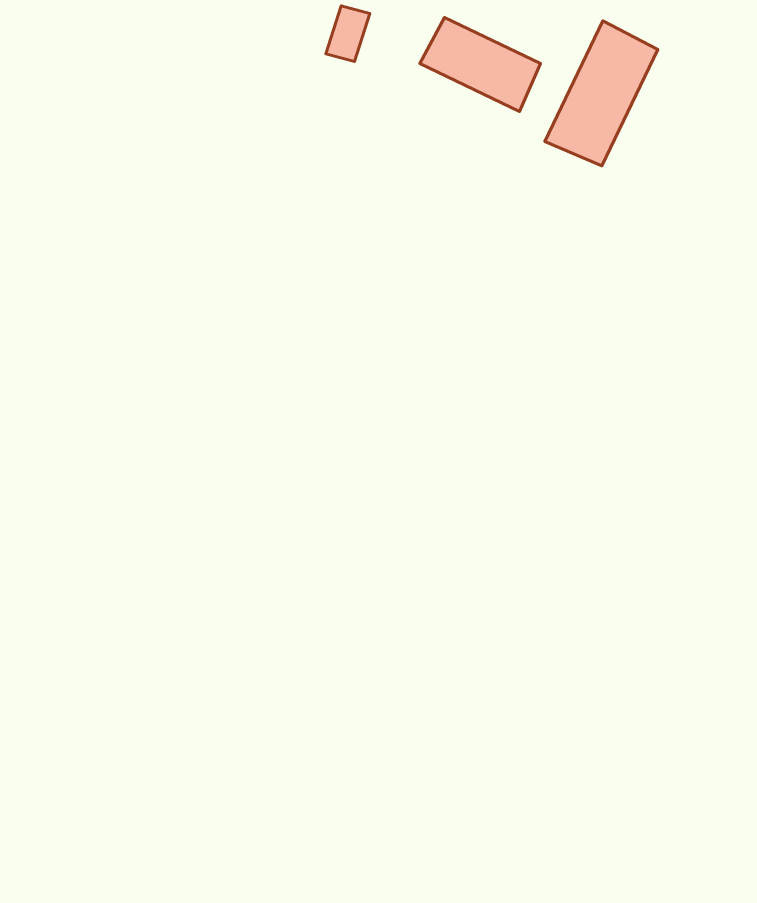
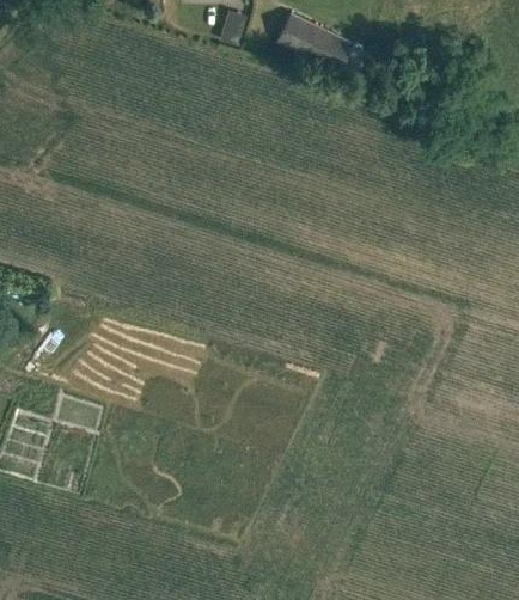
building: [545,21,658,166] -> none

